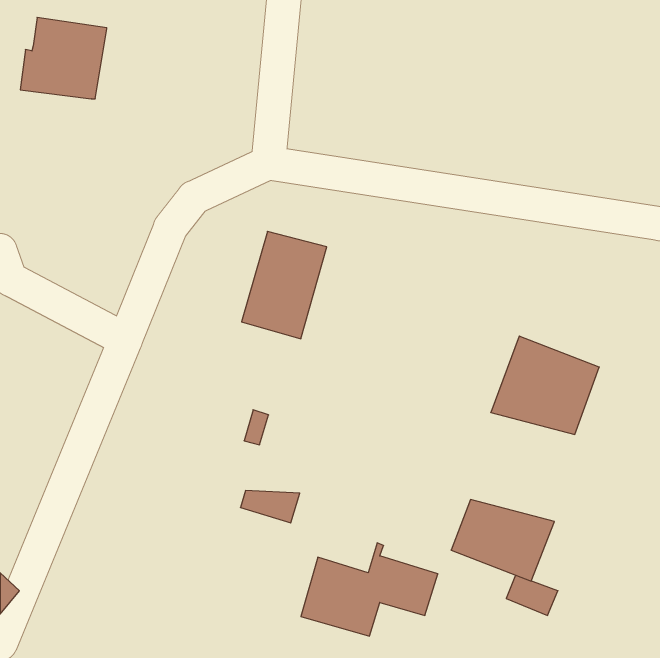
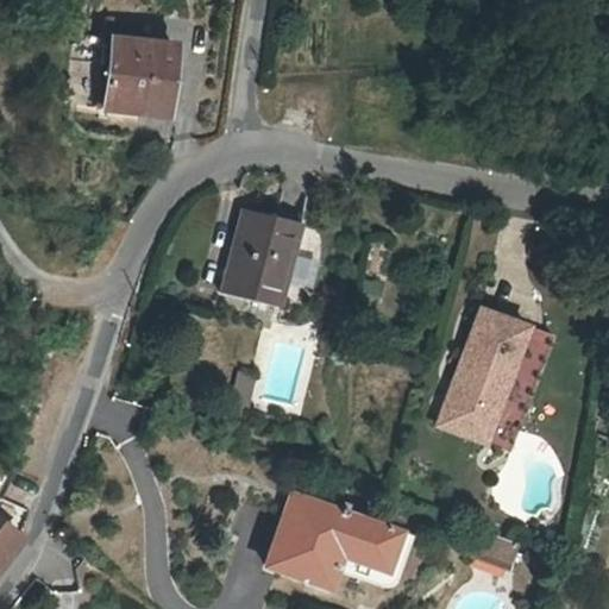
building: [20,17,107,99] -> [99,30,178,105]
building: [240,491,300,523] -> [293,497,347,527]
building: [451,500,554,581] -> [434,379,529,454]

